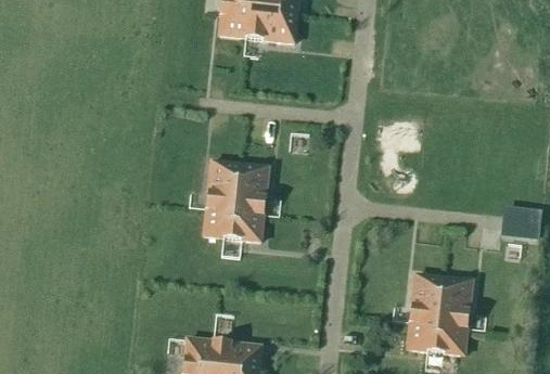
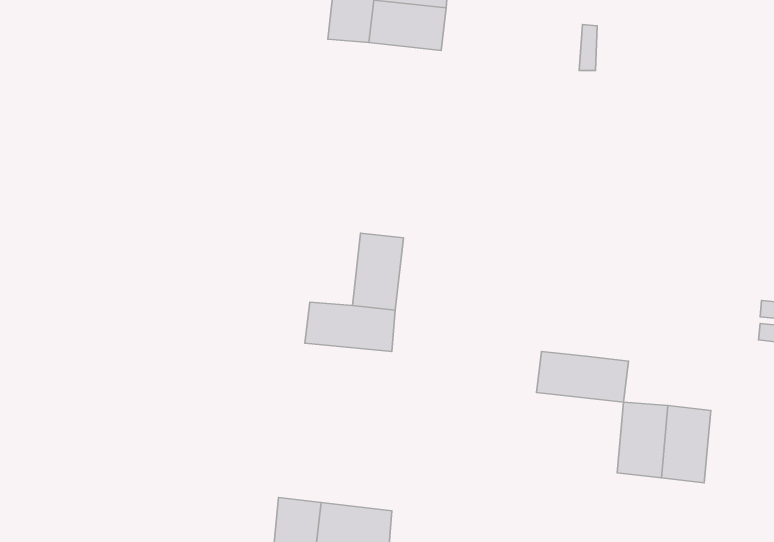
building: [207,160,241,210] -> none
building: [407,321,468,354] -> [536,351,629,402]

